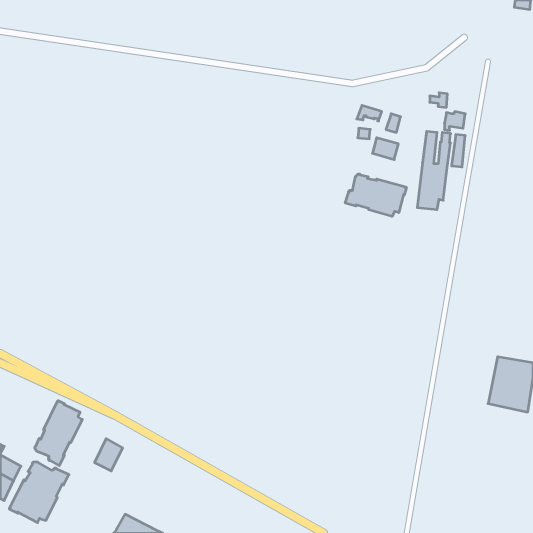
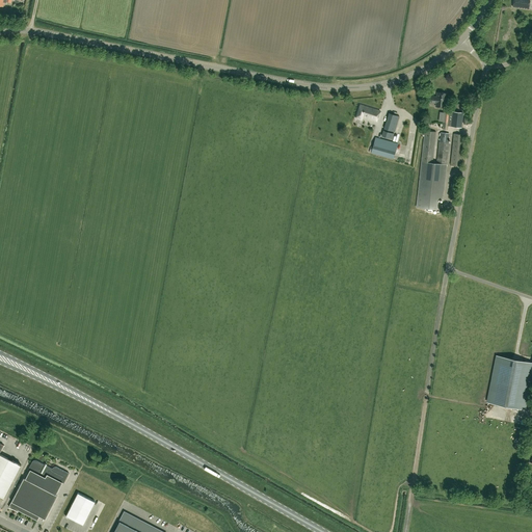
building: [345,174,406,216] -> none
building: [35,401,82,466] -> none
building: [95,439,123,471] -> [66,493,95,525]

